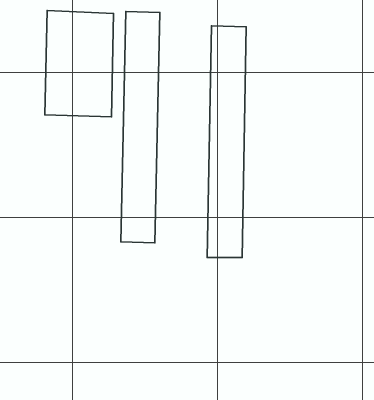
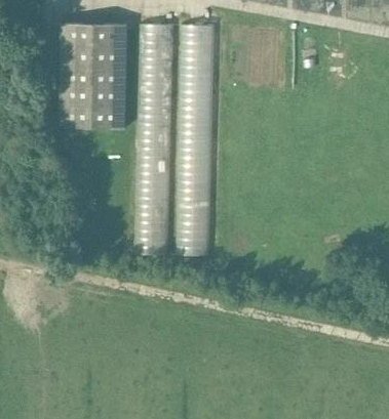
building: [207,26,246,257] -> [174,24,213,255]

